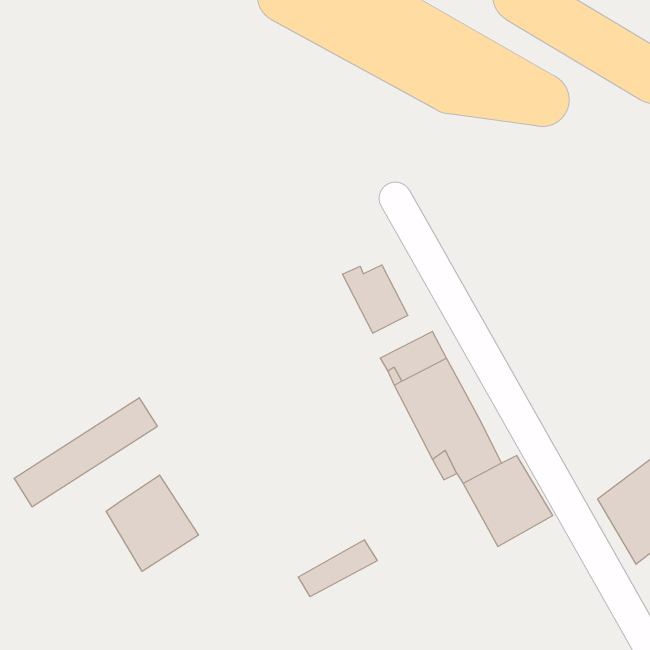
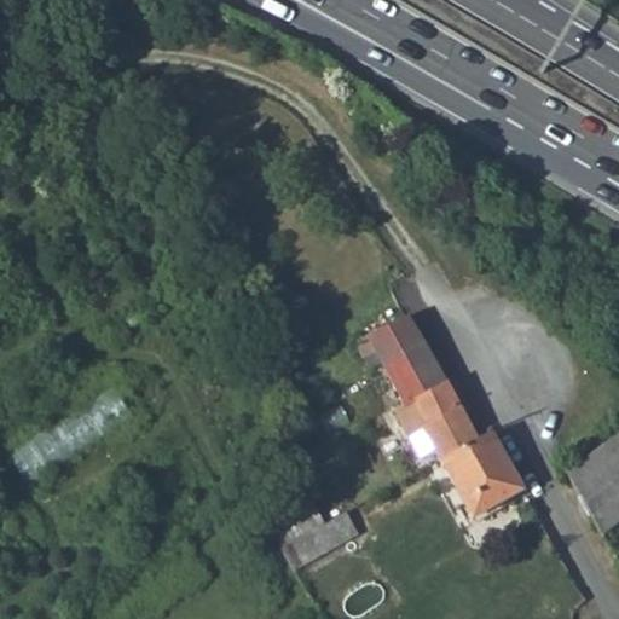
building: [342,265,408,333] -> none
building: [106,475,199,571] -> none

